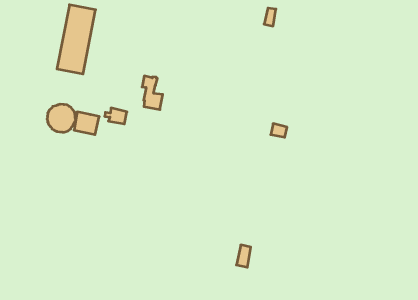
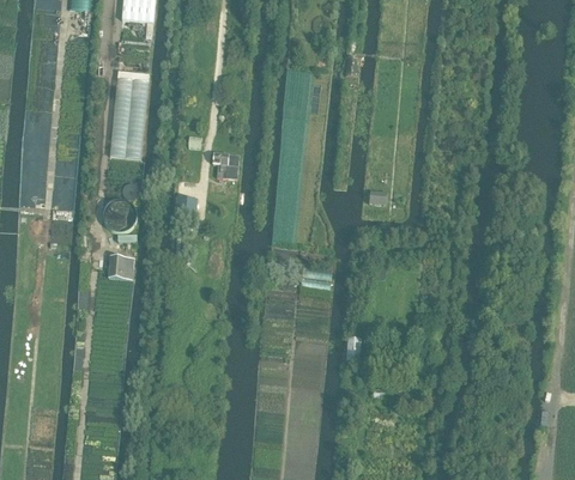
building: [74,112,99,135] -> [108,254,135,278]

